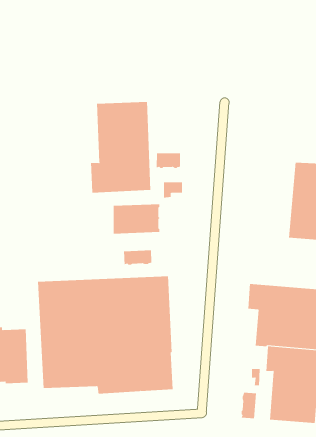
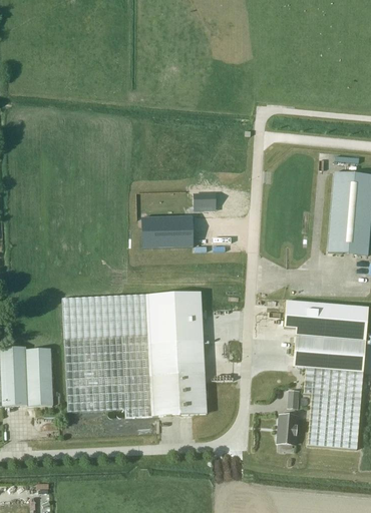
building: [91,101,151,194] -> none
building: [156,152,180,169] -> none
building: [124,250,152,265] -> none

